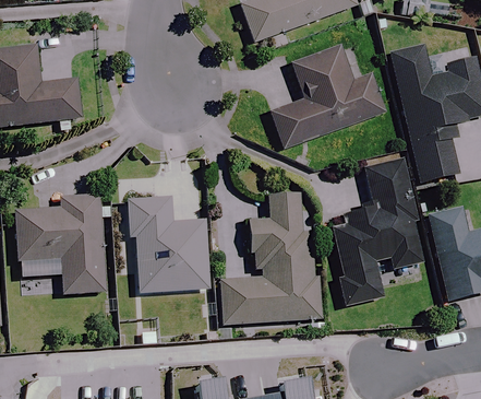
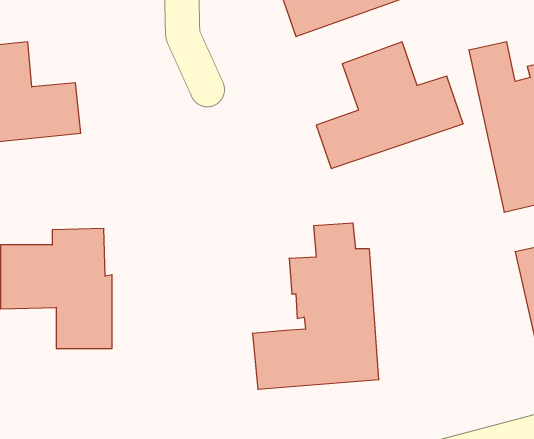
building: [335,159,420,304] -> none
building: [129,196,207,292] -> none

